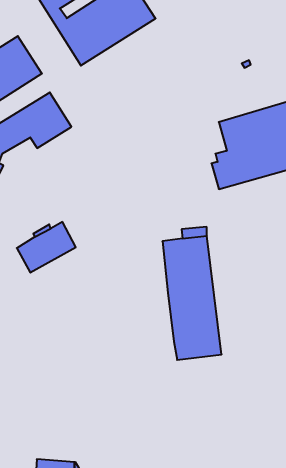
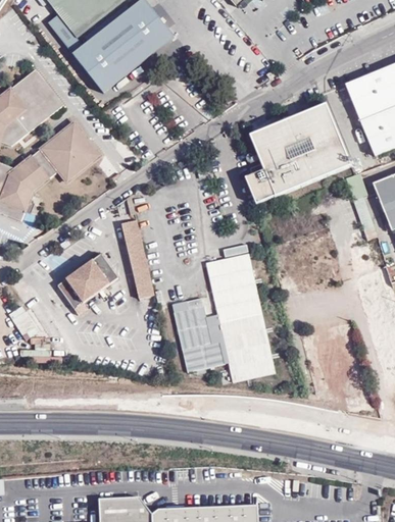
building: none -> [121,220,152,299]
building: none -> [170,297,227,373]

